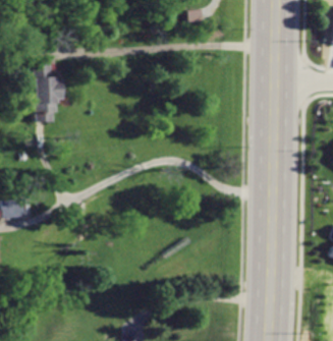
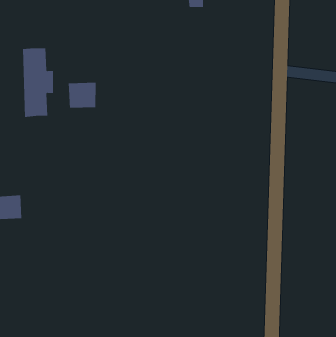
building: none -> [68,82,96,109]

